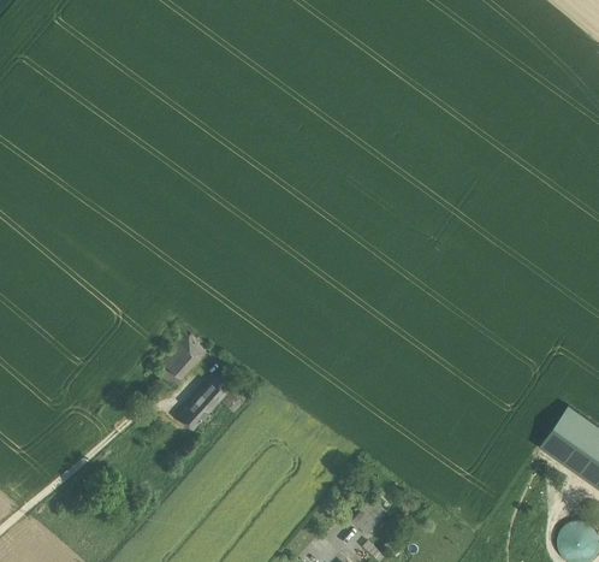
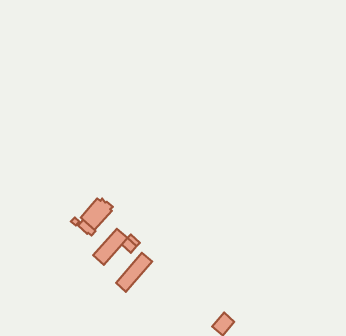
building: none -> [116,253,152,292]

